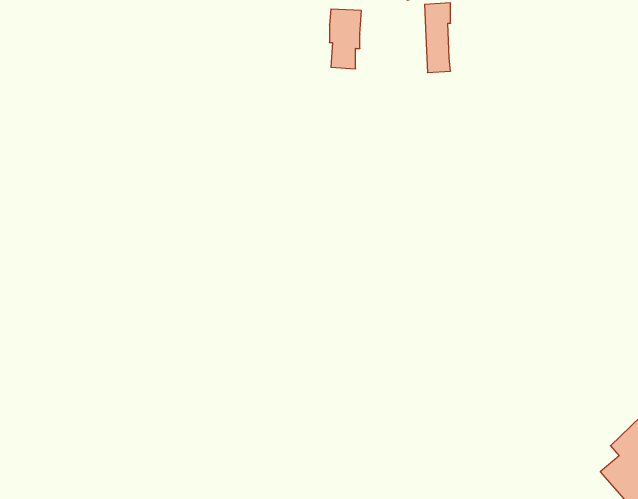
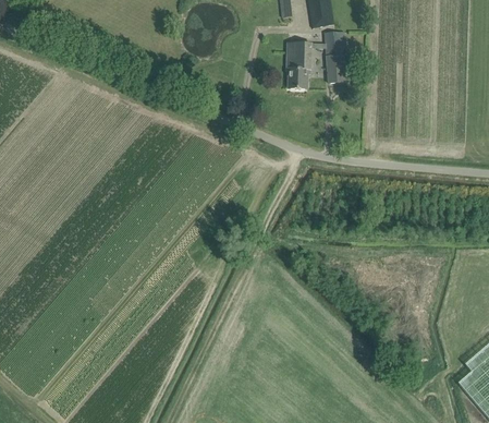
building: [329,9,361,69] -> [288,44,311,88]

